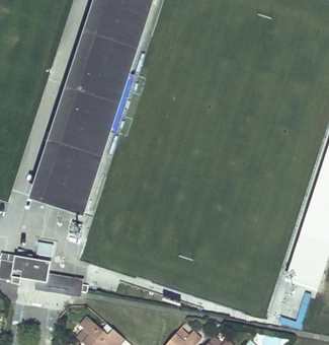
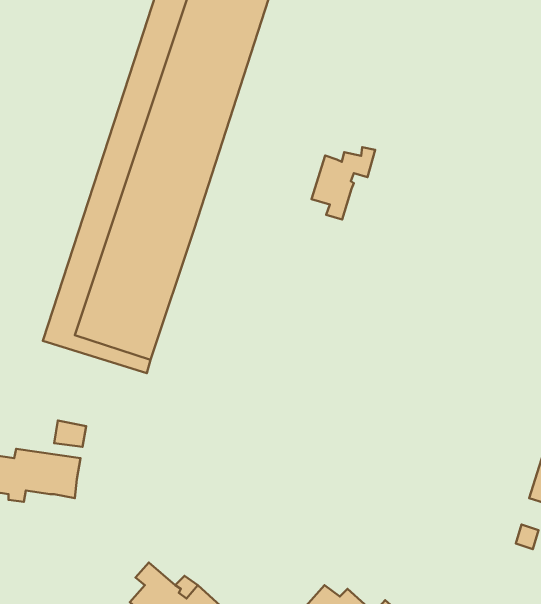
building: none -> [312,147,375,220]
building: [32,271,82,295] -> none

